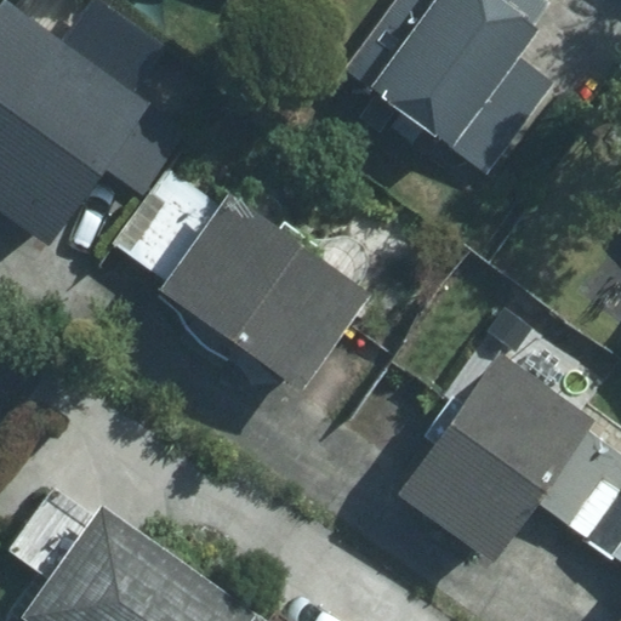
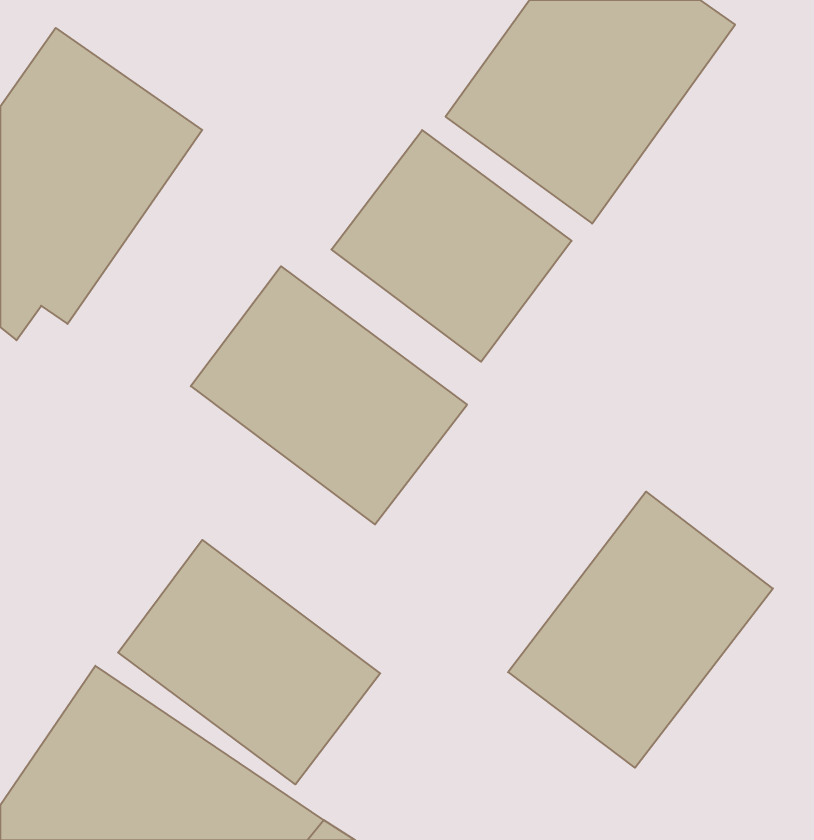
building: none -> [331,130,572,362]
building: none -> [118,540,380,784]

